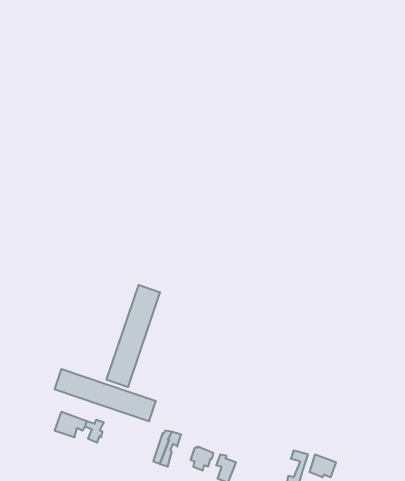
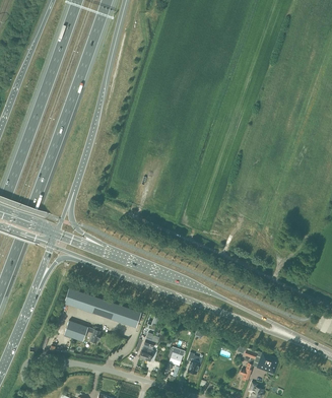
building: [107,285,160,387] -> none

